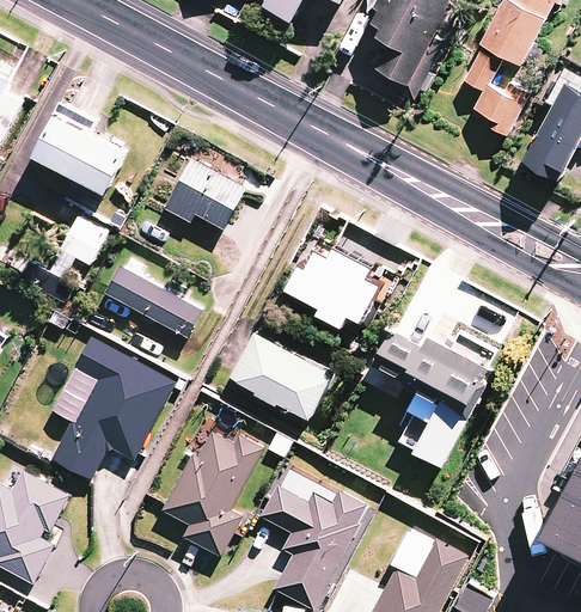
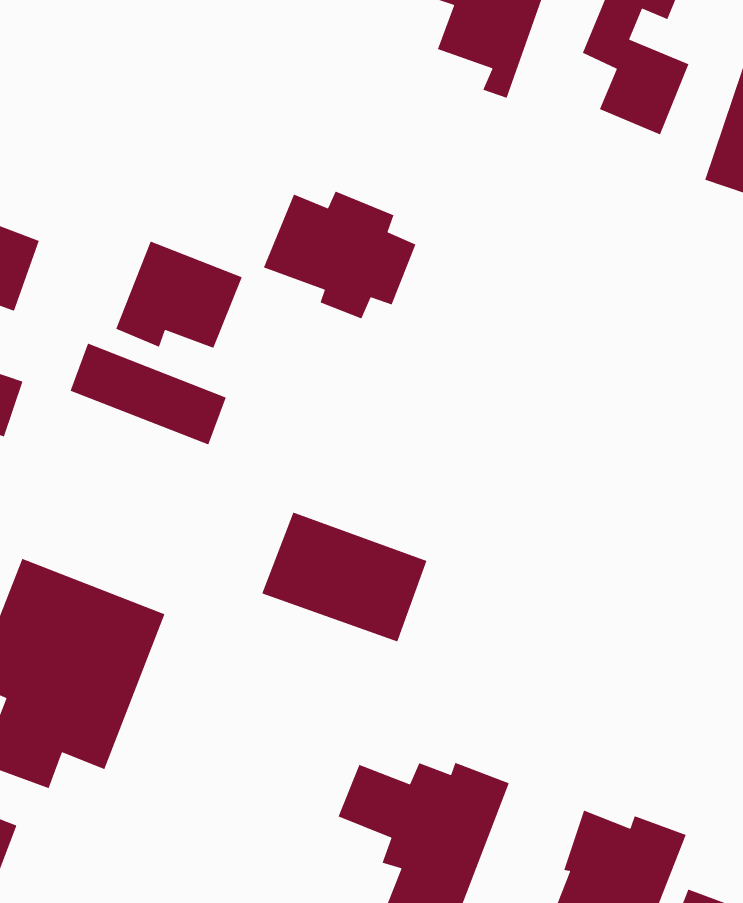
building: [286,245,379,325] -> [263,190,416,319]
building: [106,267,200,337] -> [69,343,227,446]
building: [371,332,497,417] -> none
building: [161,430,263,556] -> none

